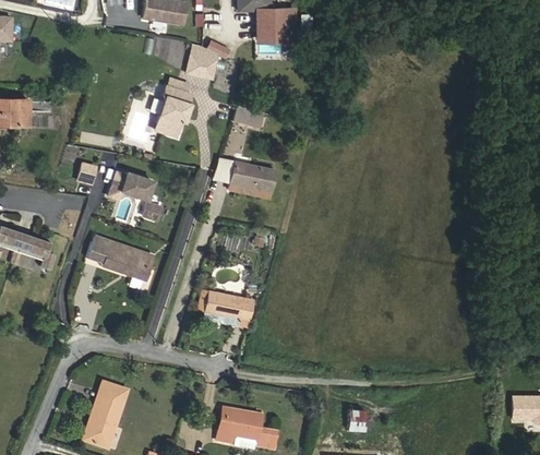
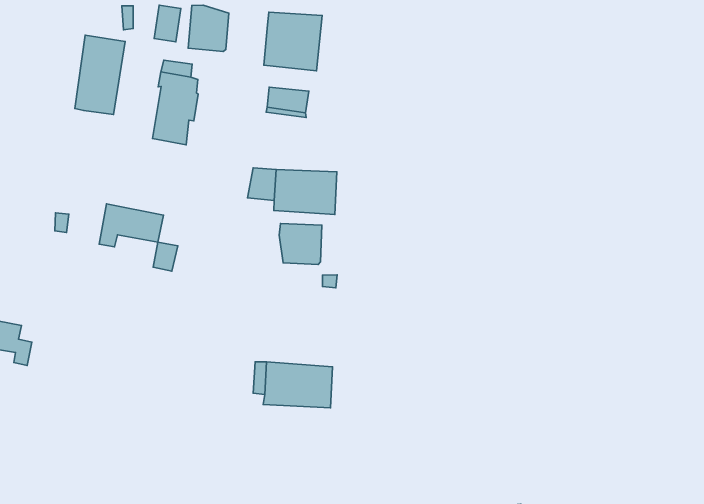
building: none -> [75,35,125,114]
building: none -> [264,12,322,71]
building: none -> [279,223,322,265]
building: [87,235,155,280] -> none

